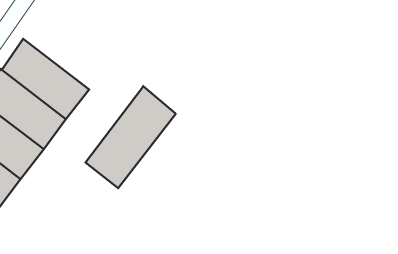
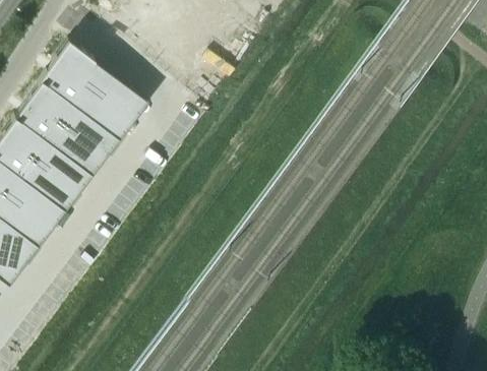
building: none -> [40,42,148,142]
building: [86,86,176,188] -> none

